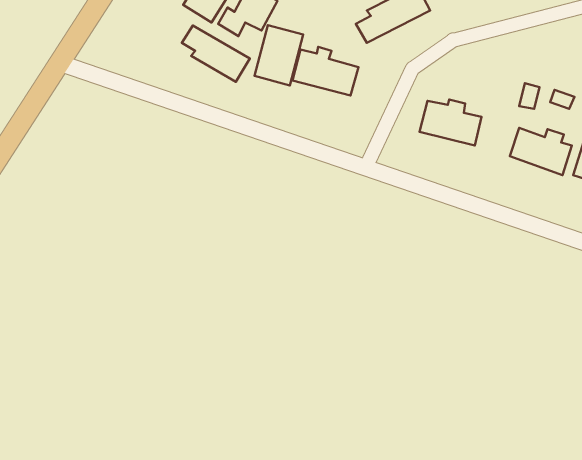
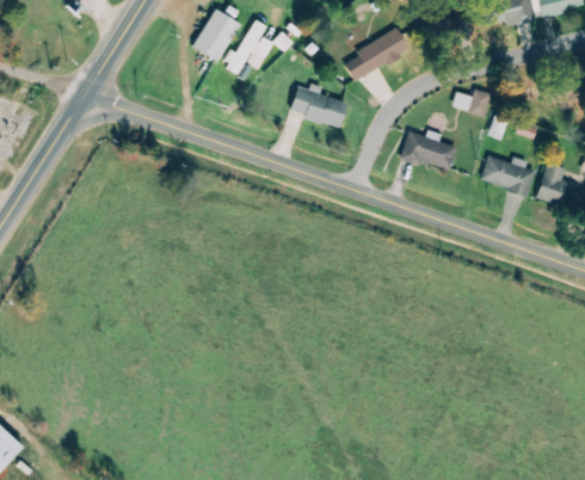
building: [255,25,303,85] -> none
building: [182,26,250,82] -> none
building: none -> [452,88,492,117]

